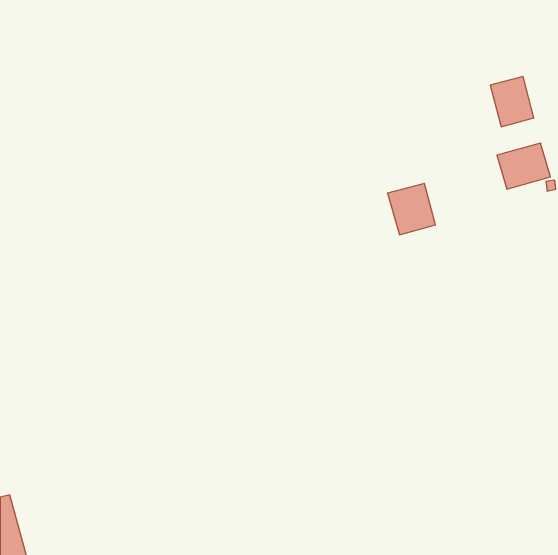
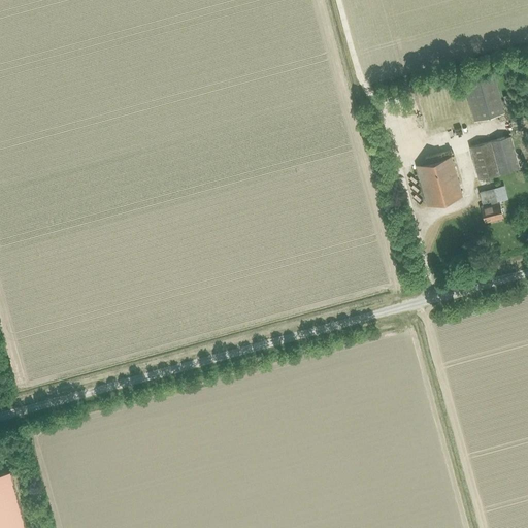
building: [387,183,435,235] -> [417,159,462,207]
building: none -> [480,191,503,224]

